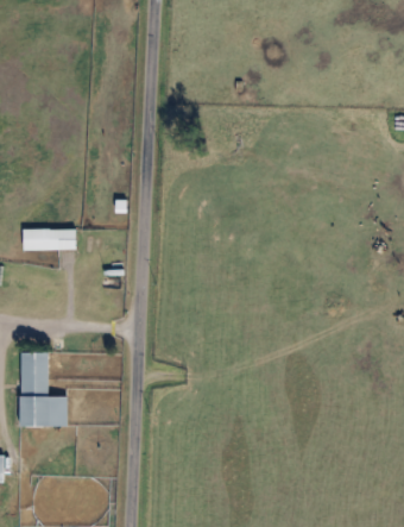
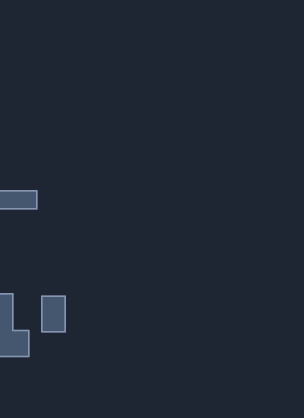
building: none -> [42,296,65,332]

